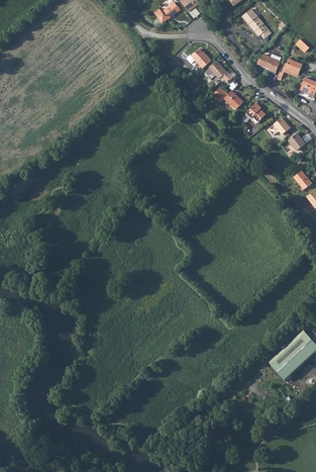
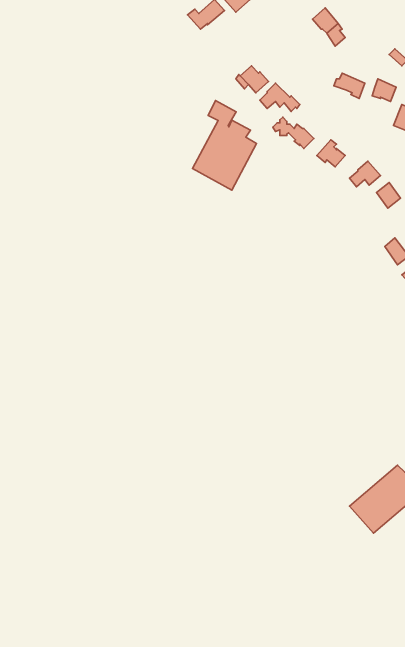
building: none -> [192,100,256,190]

